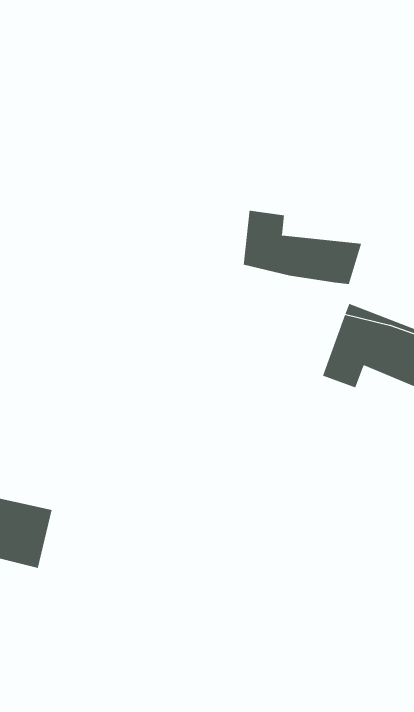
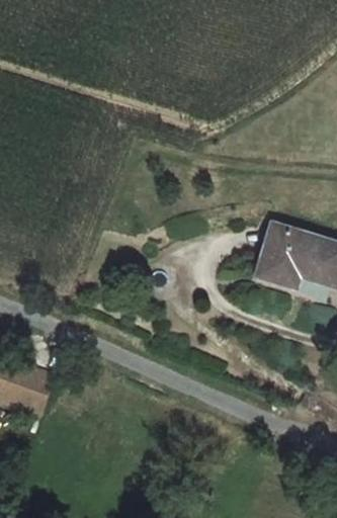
building: [243,210,362,285] -> none

